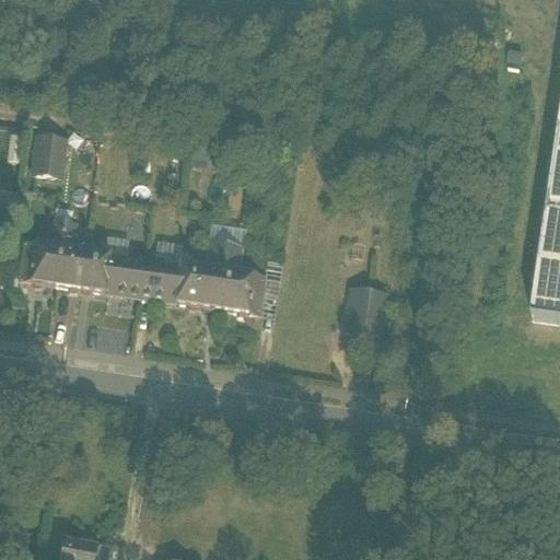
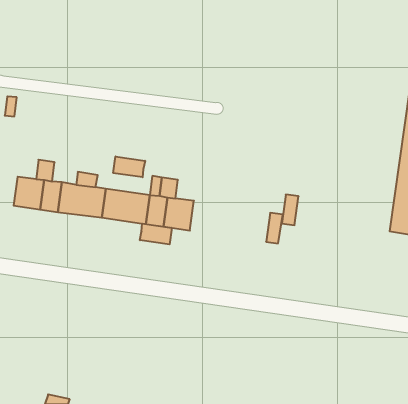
building: [35,136,67,175] -> none
building: none -> [113,156,145,177]
building: [348,288,371,329] -> [282,195,299,225]
building: none -> [140,224,172,244]

